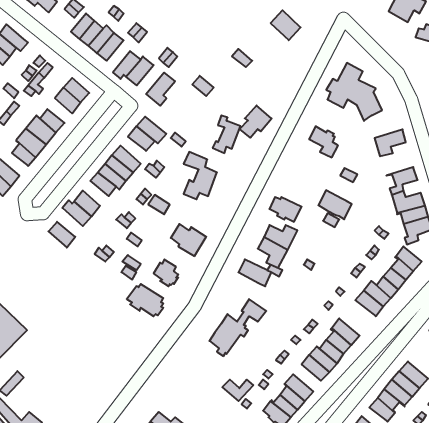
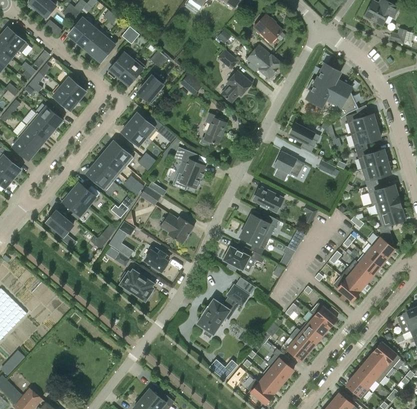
building: none -> [246,45,281,79]
building: [239,105,272,138] -> [221,72,251,102]
building: none -> [346,113,377,134]
building: none -> [356,148,387,169]
building: [318,190,352,219] -> [274,152,305,179]

